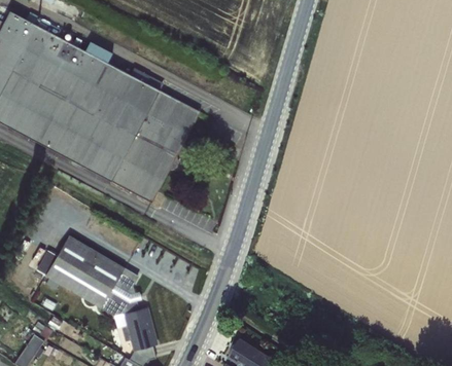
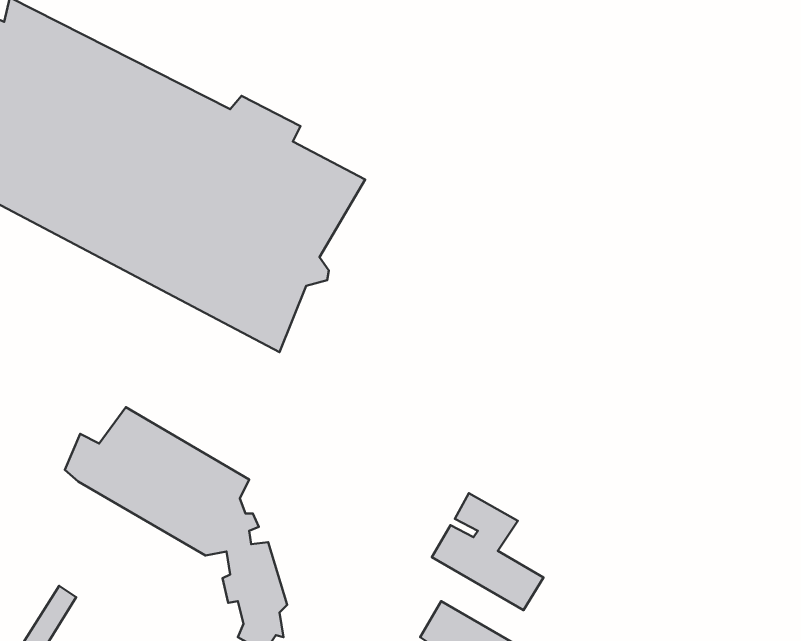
building: none -> [432,493,544,610]

